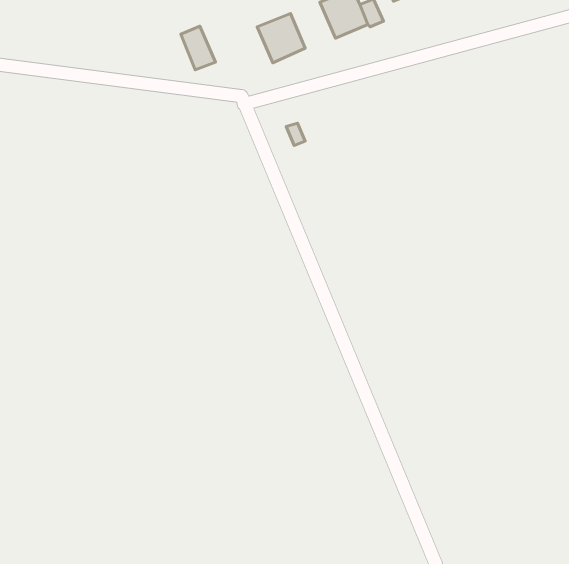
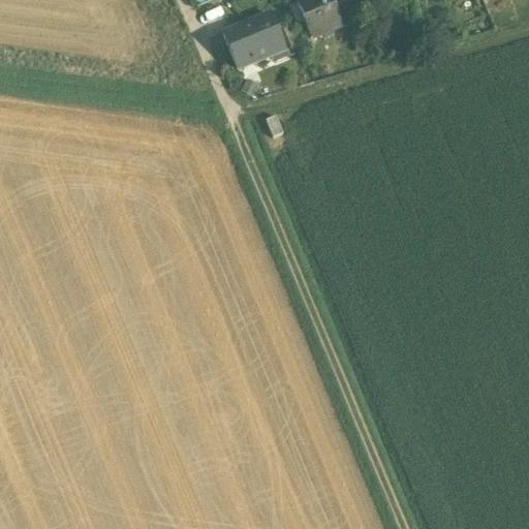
building: [181,26,215,70] -> [222,25,254,65]

